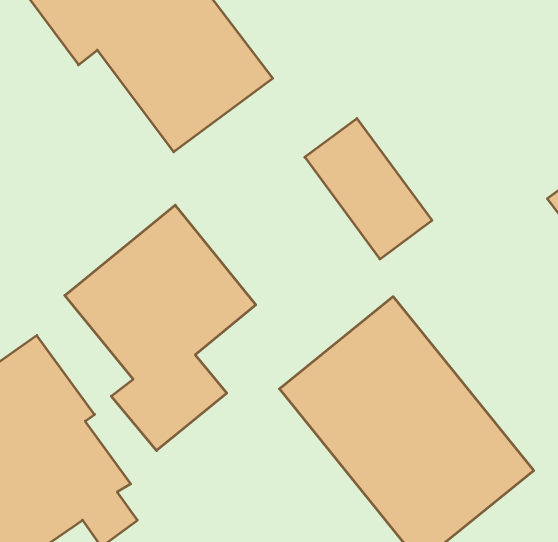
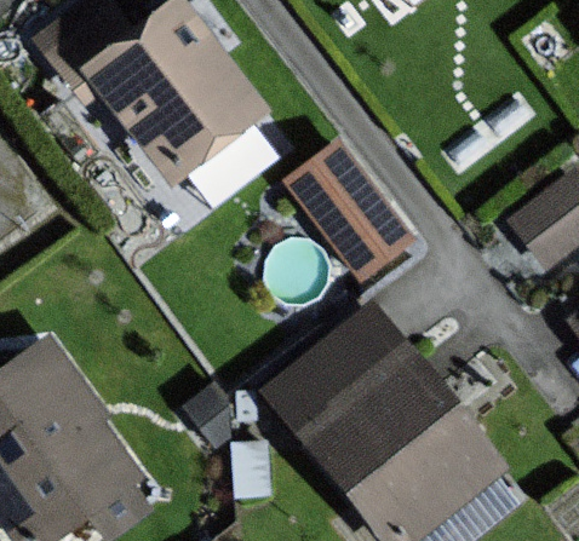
building: [65,205,256,451] -> none

